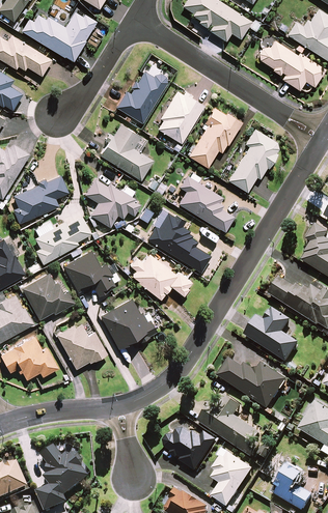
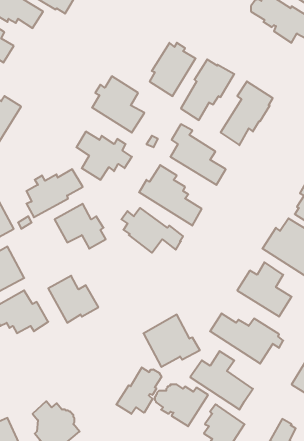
building: [116,70,169,122] -> none
building: [13,175,67,223] -> none
building: [22,273,74,319] -> none
building: [101,296,157,348] -> [143,315,200,367]
building: none -> [116,367,161,414]

